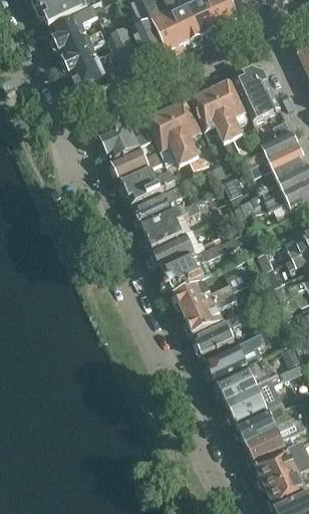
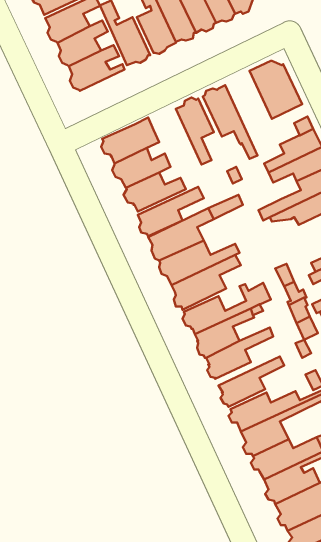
building: [211,80,249,153] -> none
building: [145,110,190,165] -> none

